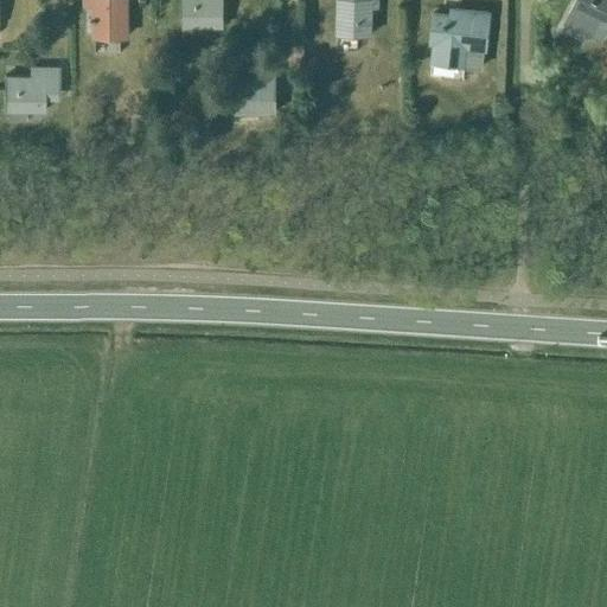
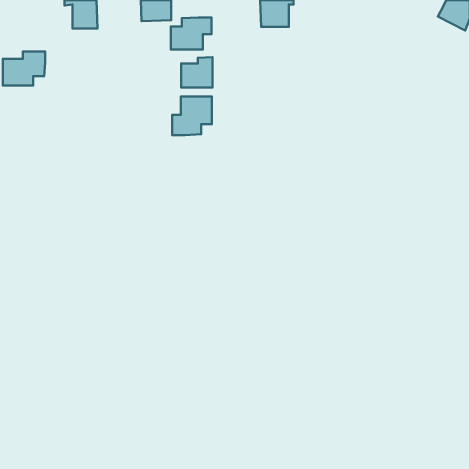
building: [432,8,490,69] -> none
building: none -> [171,17,212,50]
building: none -> [172,96,212,135]

